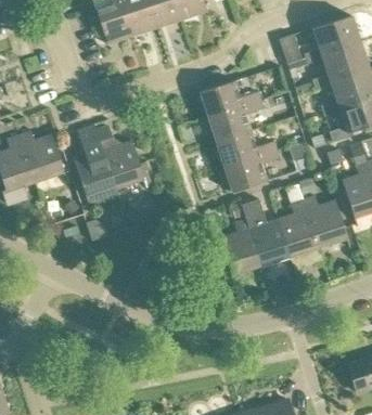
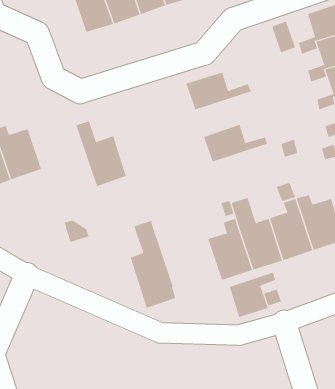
building: [209,100,266,142] -> none
building: [76,126,119,208] -> [130,220,176,308]
building: [226,148,281,191] -> none
building: none -> [229,272,276,318]

